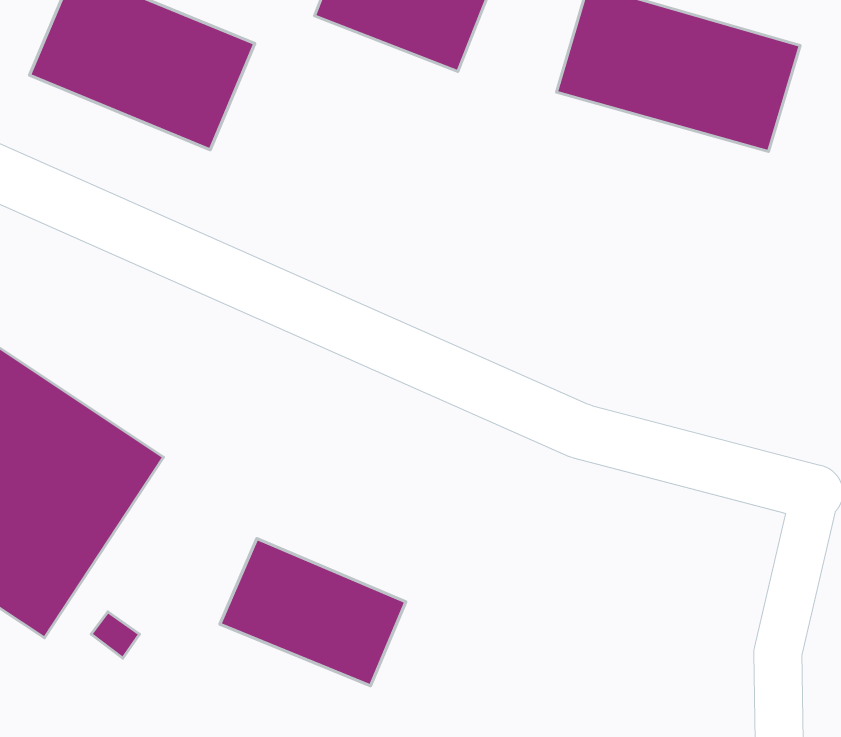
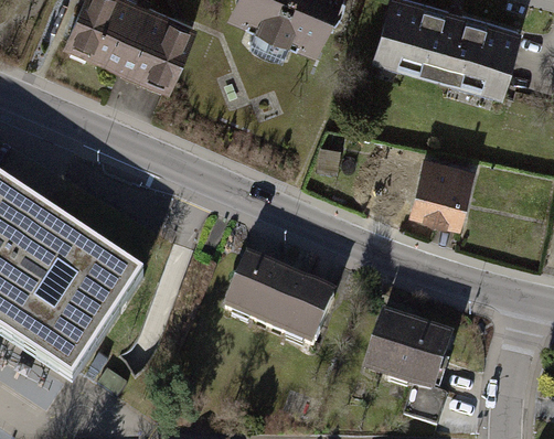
building: none -> [411,165,476,227]
building: [220,539,406,686] -> [224,258,334,345]
building: none -> [364,320,455,393]

